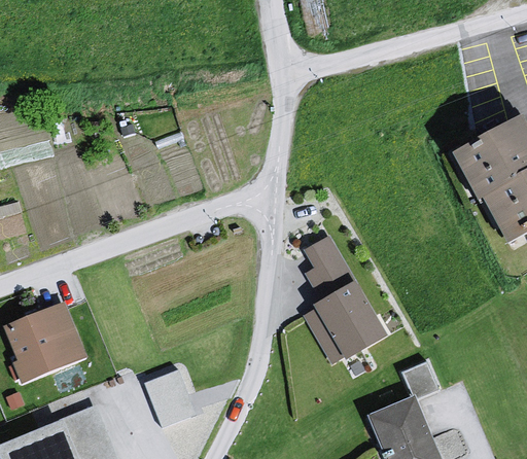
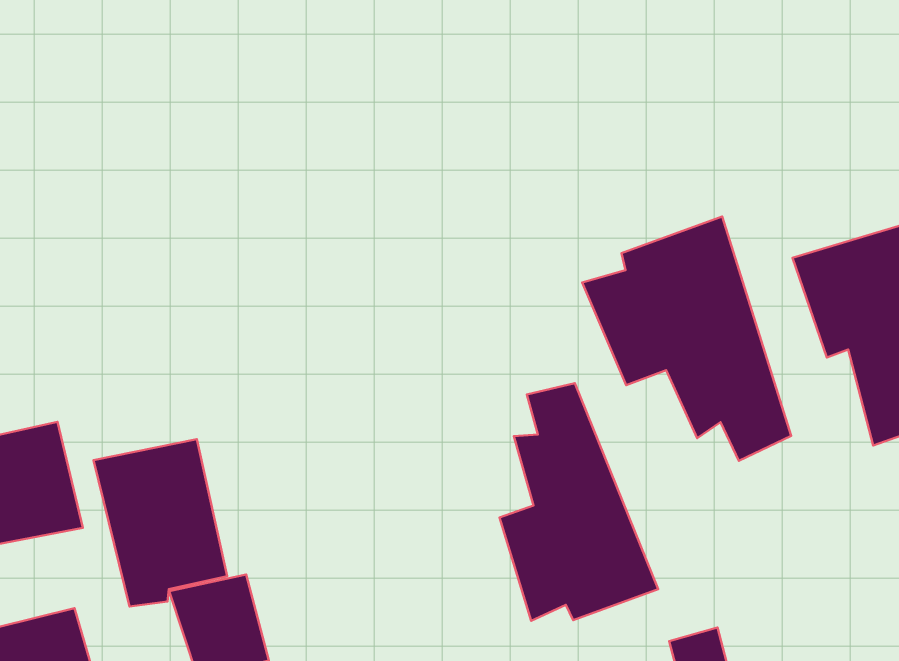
building: none -> [582,217,791,461]
building: none -> [93,439,227,607]

